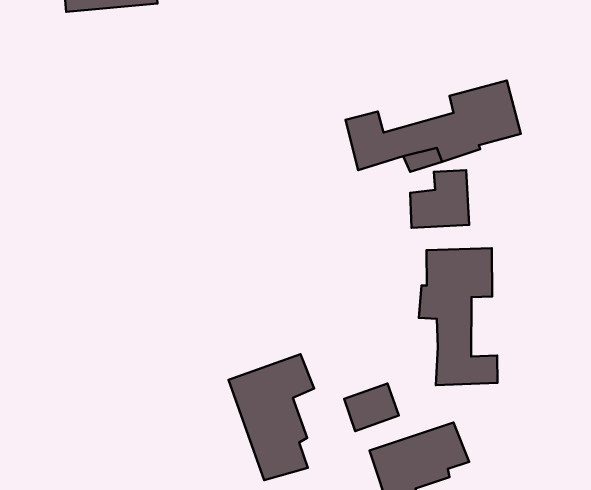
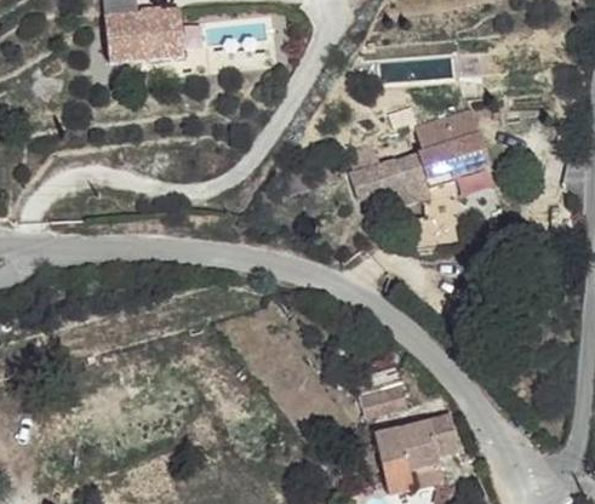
building: [419,248,498,385] -> none
building: [229,354,314,480] -> none

